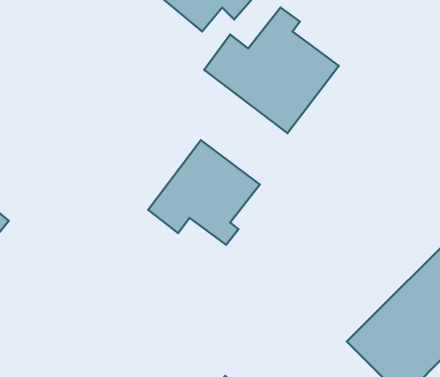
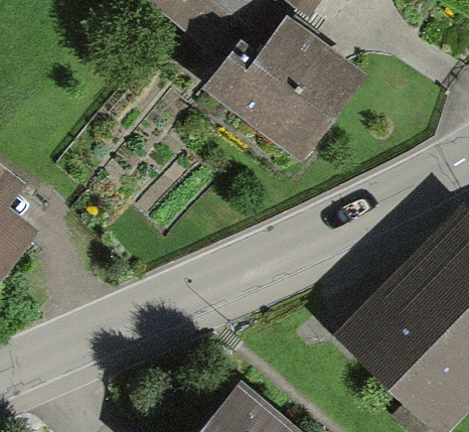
building: [148,140,260,245] -> none

